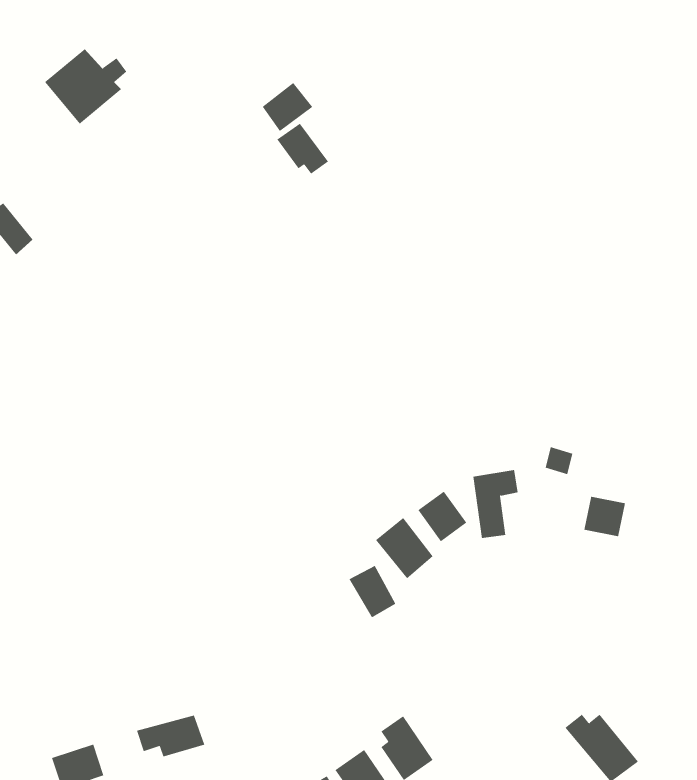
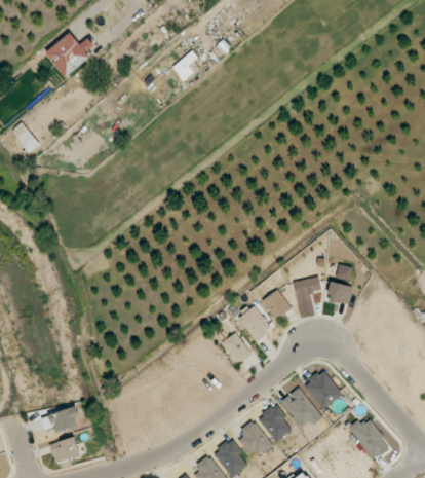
building: [276,123,329,175] -> none
building: [583,496,626,537] -> [326,282,351,305]
building: none -> [305,370,342,409]
building: none -> [280,388,320,430]
building: none -> [258,404,292,442]
building: [136,715,205,757] -> [40,408,80,433]

